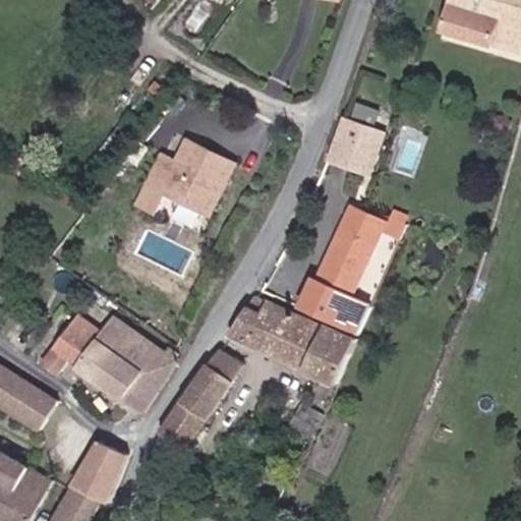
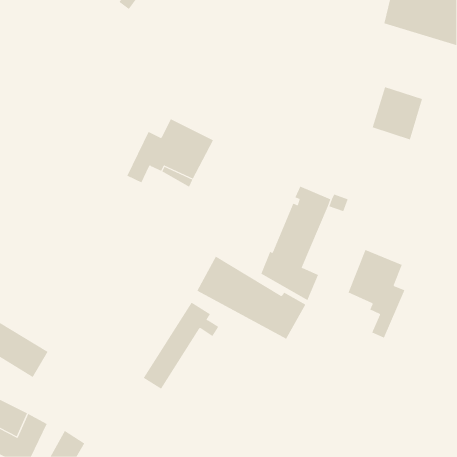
building: [326,114,384,175] -> [372,86,423,140]
building: none -> [348,249,405,339]
building: [39,319,178,410] -> none
building: [73,442,114,505] -> none

